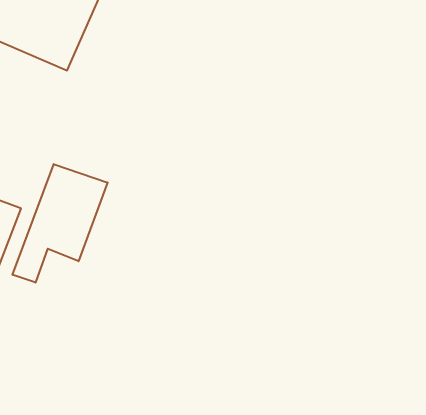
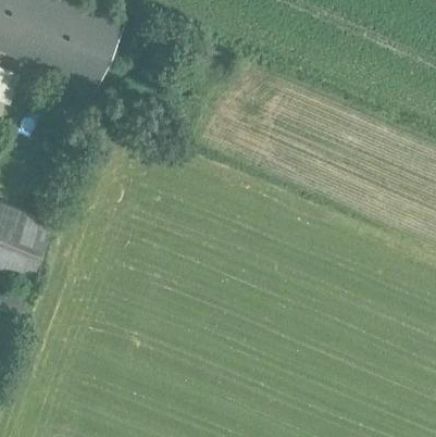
building: [13,164,108,283] -> none

